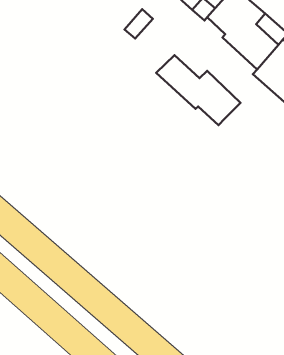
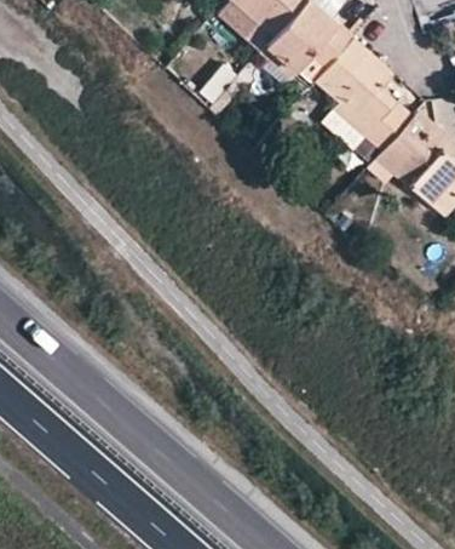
building: [156,55,240,125] -> none

